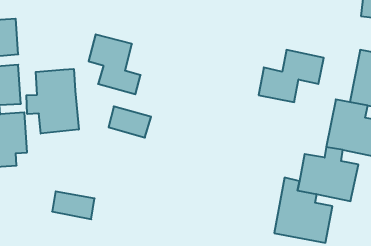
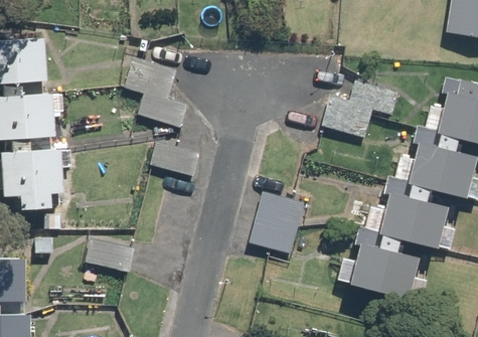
building: [26,69,79,134] -> none
building: none -> [255,191,310,254]

